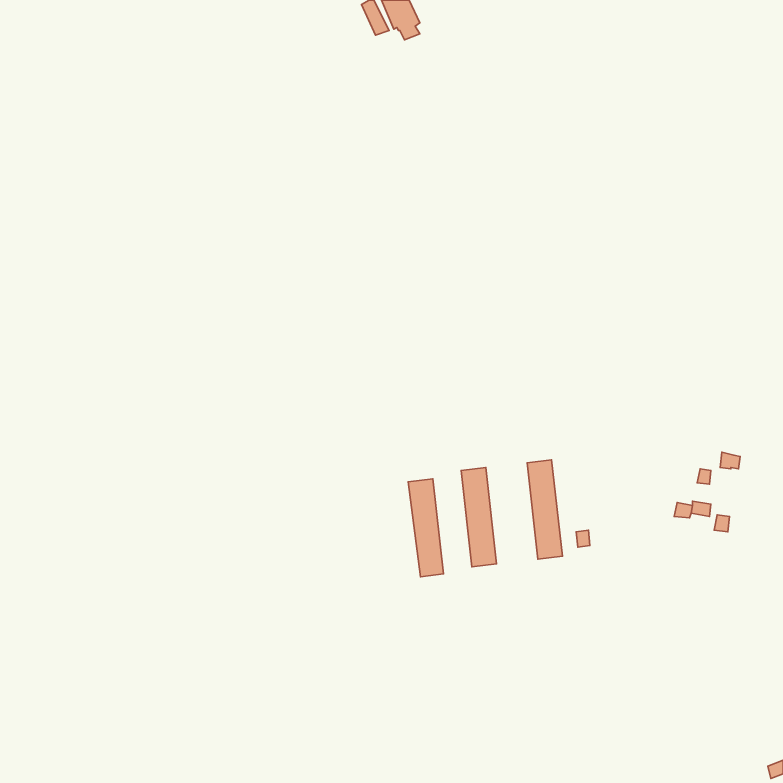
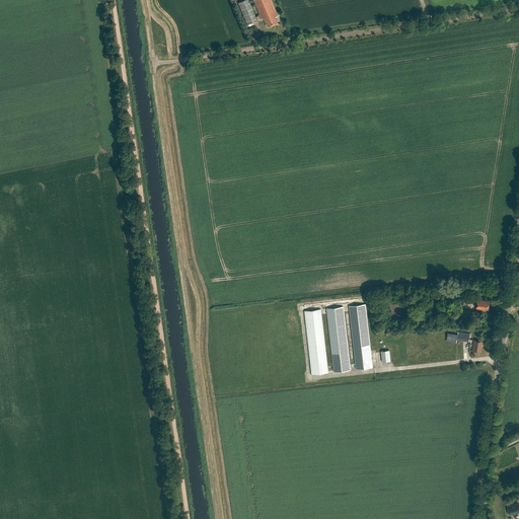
building: [408,479,443,577] -> [326,307,350,372]

